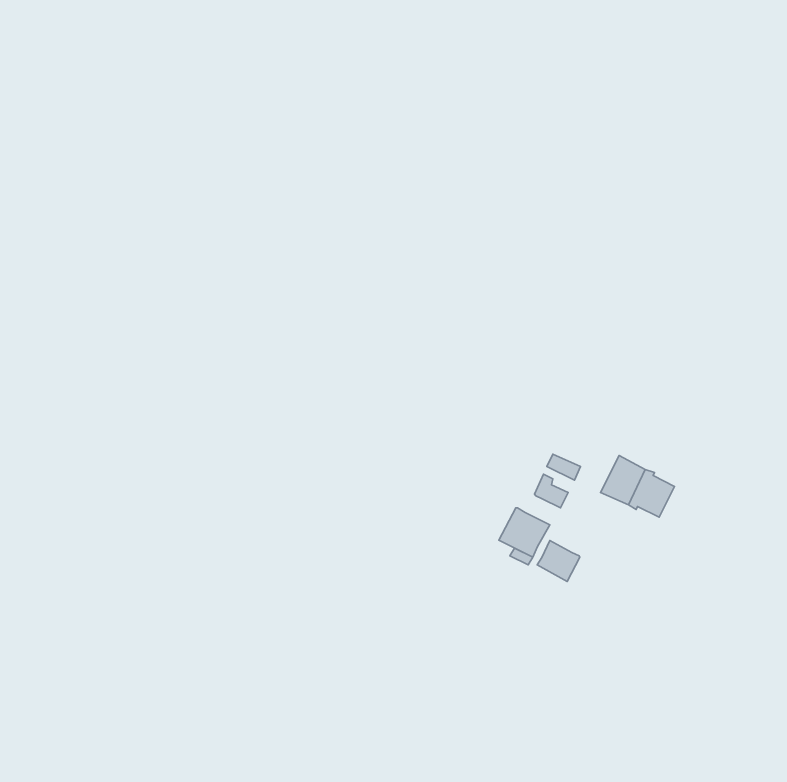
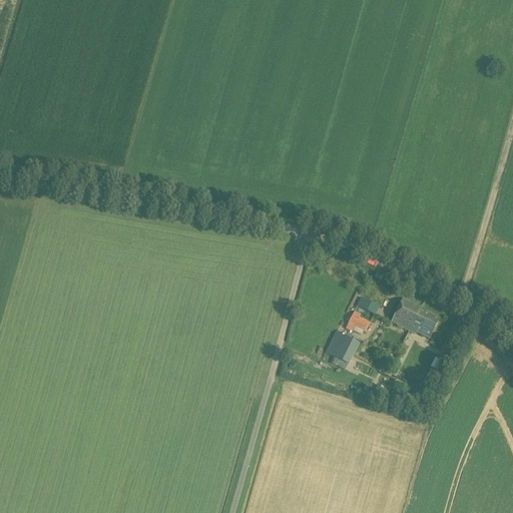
building: [537,541,580,581] -> none

